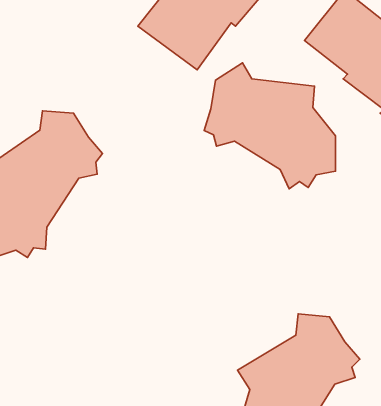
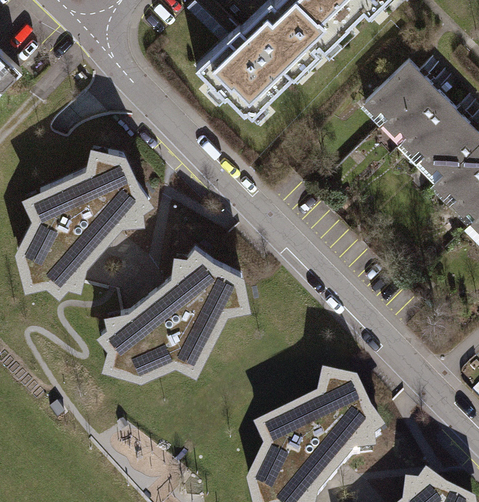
building: [204,63,335,189] -> none
building: none -> [99,242,246,373]

